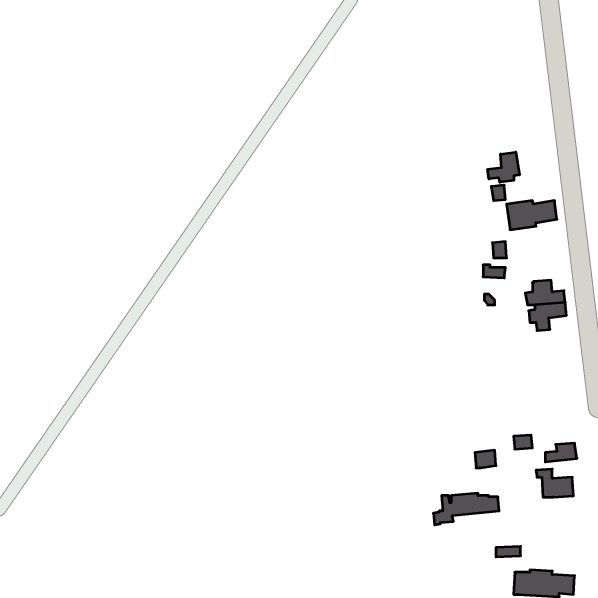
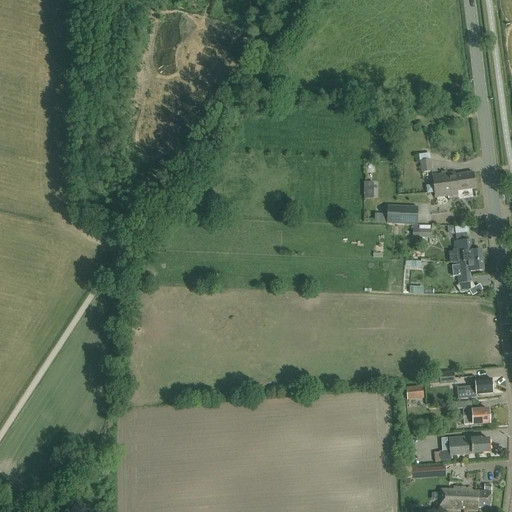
building: [488,152,519,182] -> none
building: none -> [386,205,417,224]
building: [433,493,499,525] -> [433,435,489,462]

